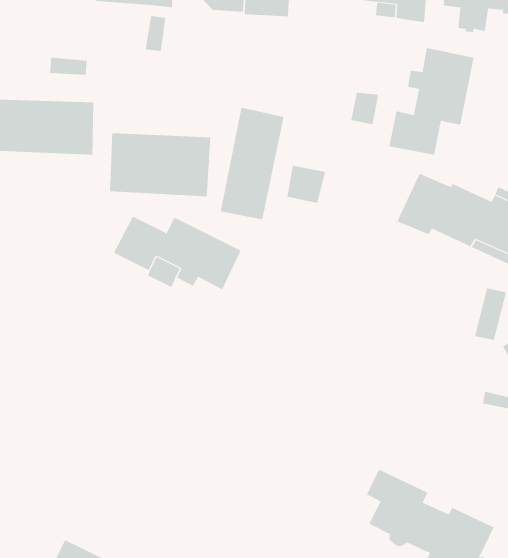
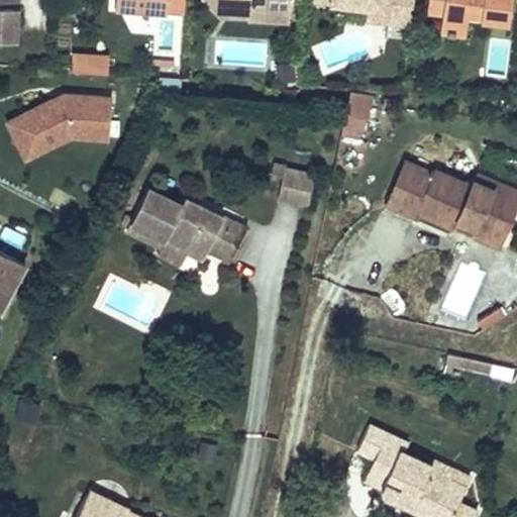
building: [389,47,474,156] -> none
building: [220,107,284,220] -> none
building: [109,133,211,197] -> none

